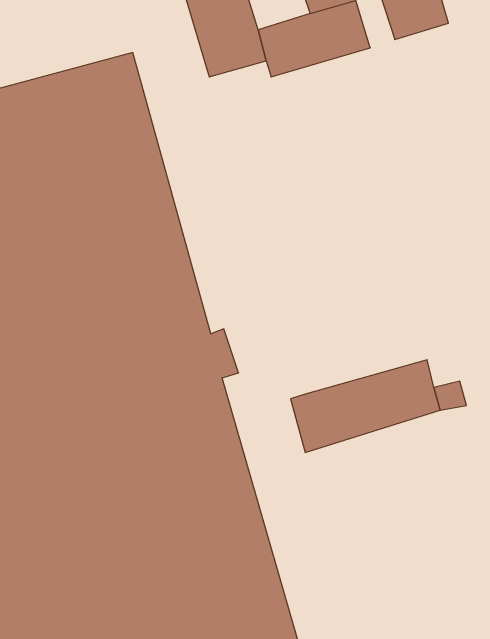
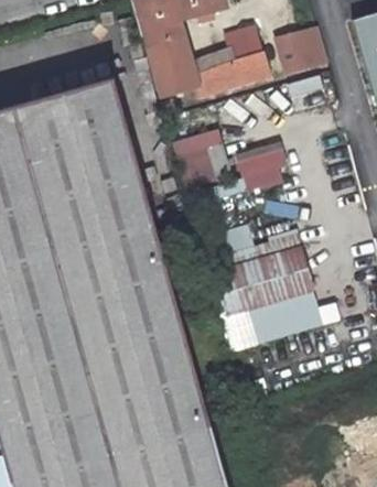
building: none -> [174,126,225,188]
building: none -> [238,143,290,190]
building: none -> [215,241,312,312]

